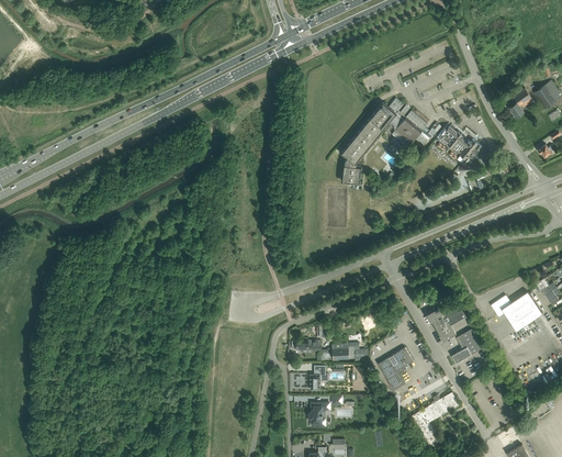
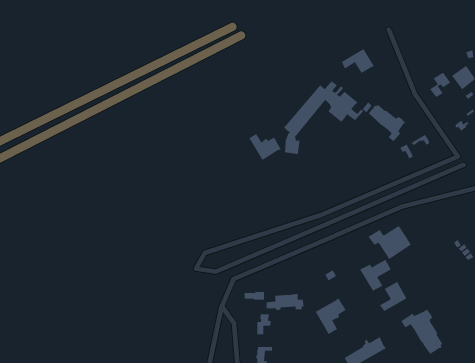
building: none -> [341,48,375,74]
building: none -> [248,133,282,161]
building: [492,292,542,332] -> [368,225,412,260]
building: none -> [400,308,443,355]

